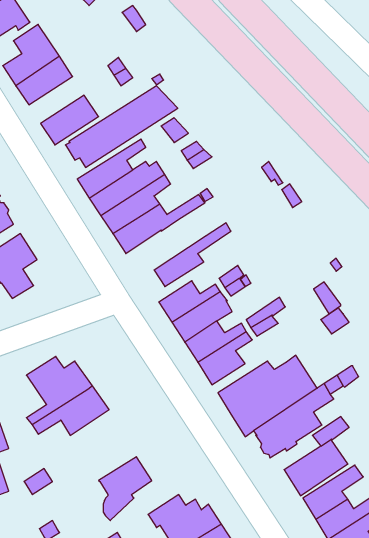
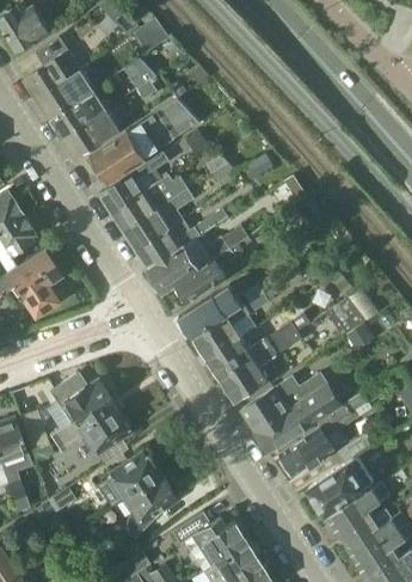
building: none -> [50,90,106,137]
building: none -> [148,234,229,293]
building: none -> [105,455,159,501]

